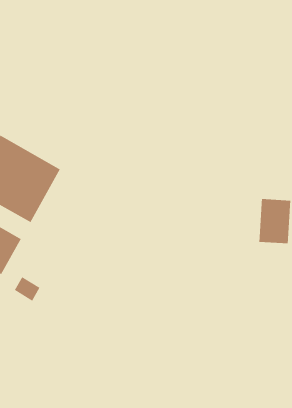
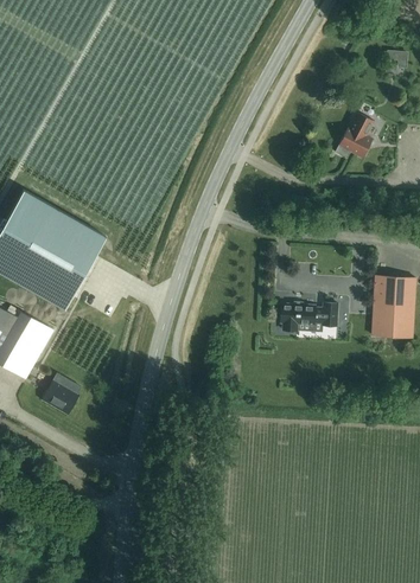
building: none -> [335,113,374,159]
building: none -> [280,303,337,332]

